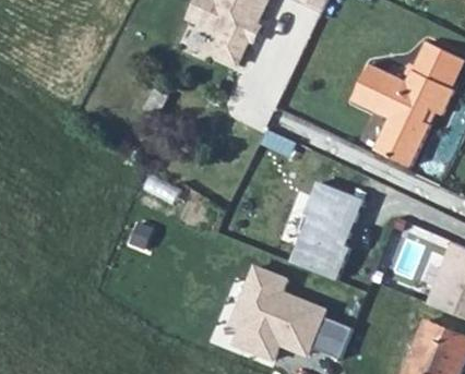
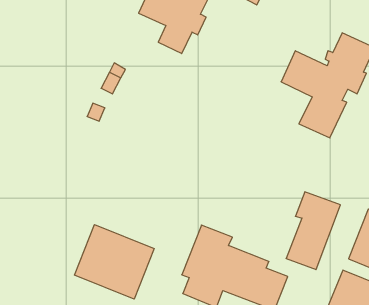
building: [298,180,361,270] -> [286,192,340,270]
building: none -> [75,225,154,299]

